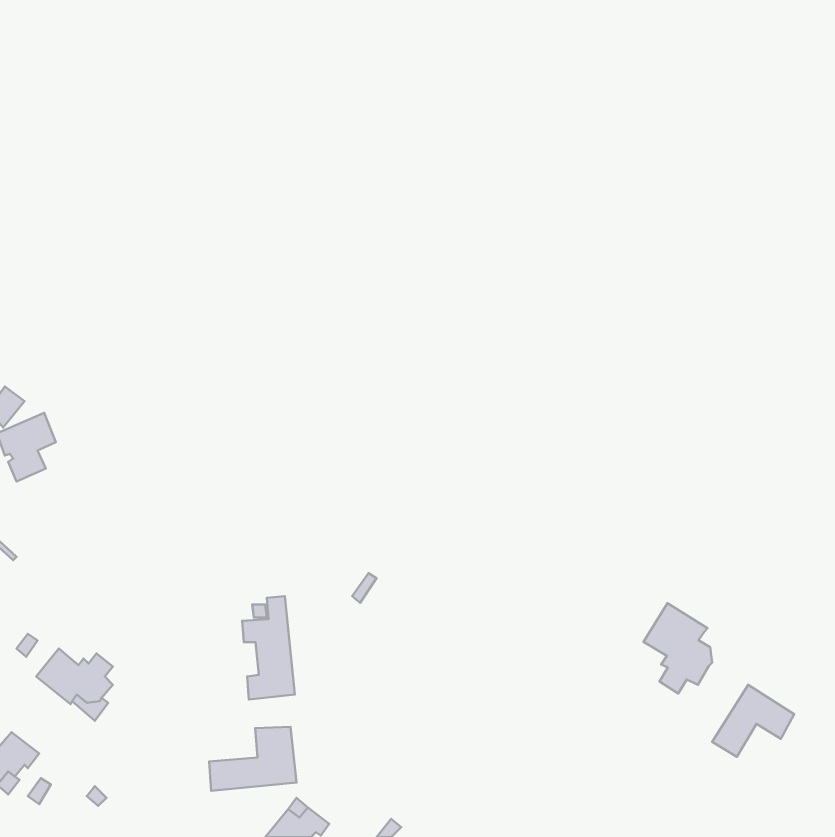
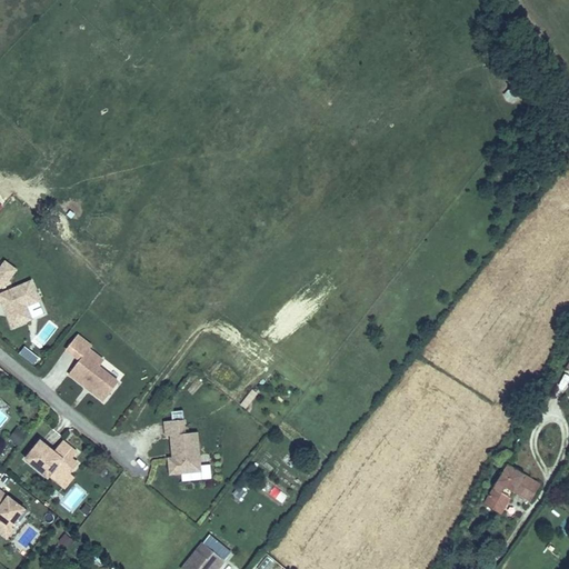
building: none -> [66,335,118,401]
building: [644,603,712,693] -> none
building: [209,727,297,791] -> none

